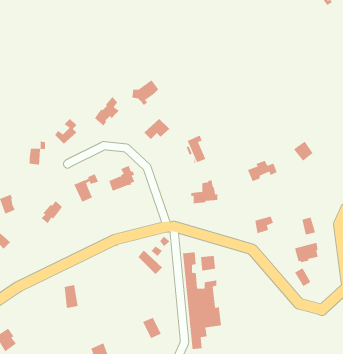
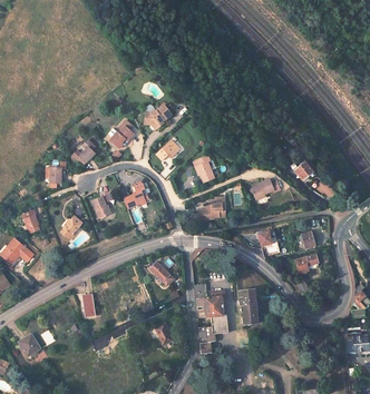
building: none -> [240,289,259,324]

